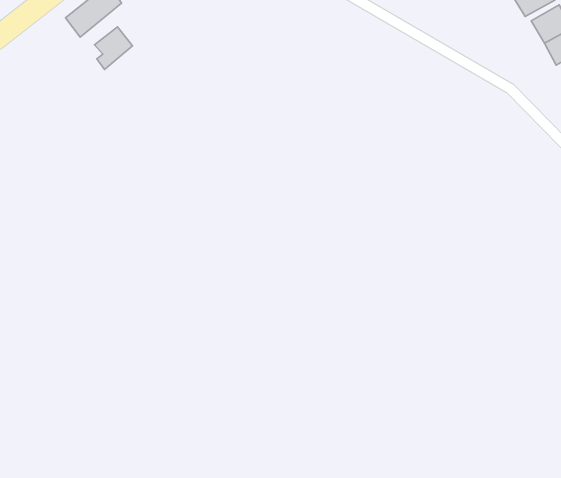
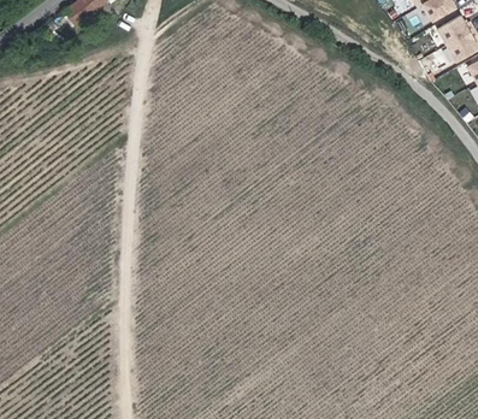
building: [95,27,132,70] -> none

